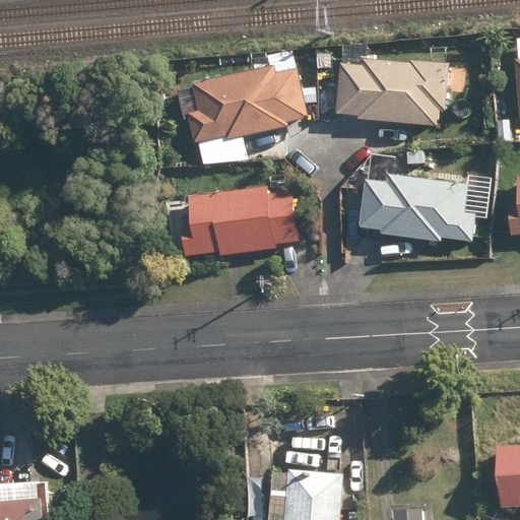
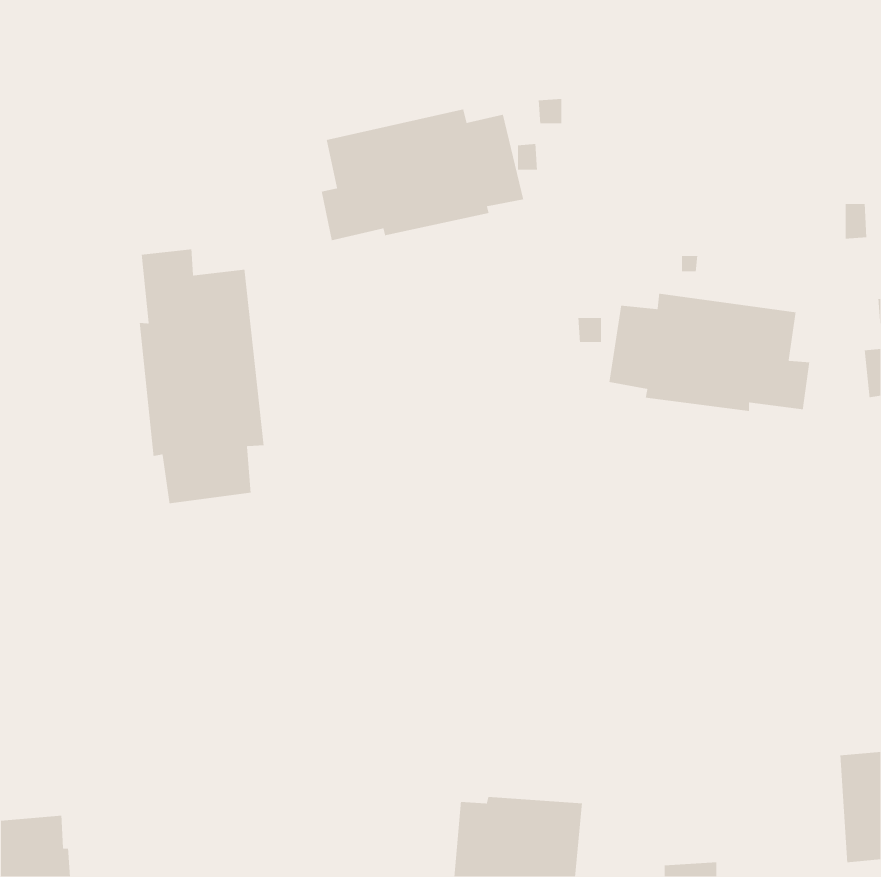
building: [336,60,449,125] -> none
building: none -> [139,248,264,504]
building: [181,186,300,255] -> none

